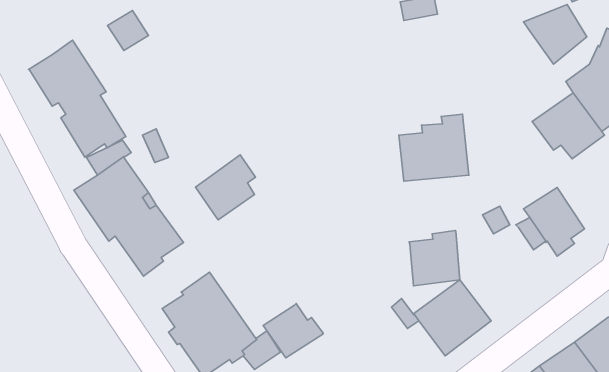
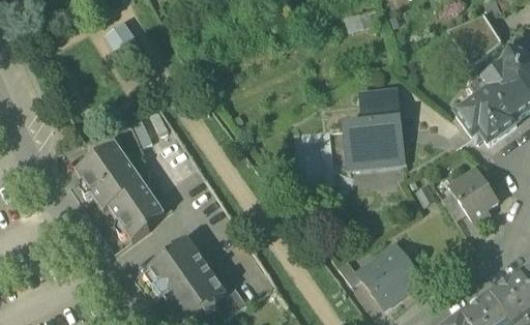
building: [28,40,126,157] -> none
building: none -> [362,90,398,115]
building: [195,155,256,220] -> none
building: [409,230,460,286] -> none
building: [263,304,323,358] -> none

